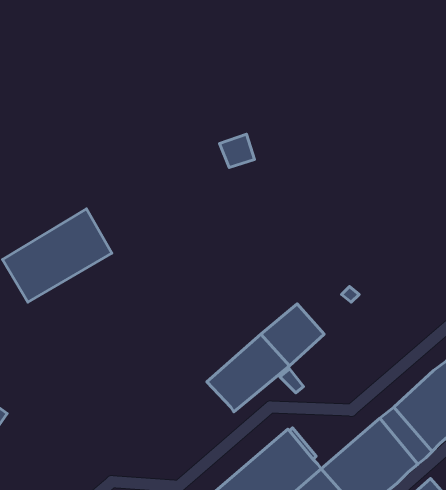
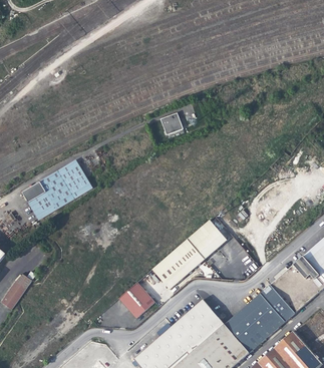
building: none -> [118,282,154,318]

